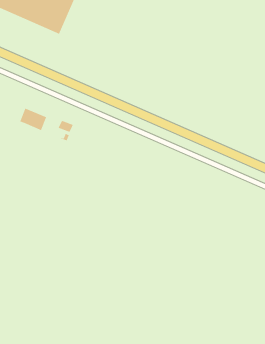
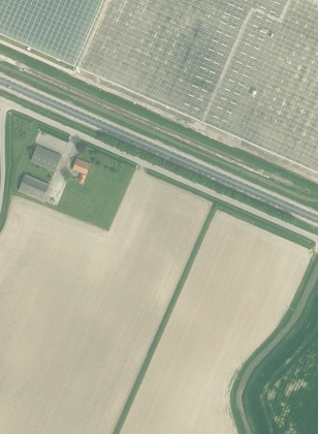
building: none -> [15,172,46,197]

